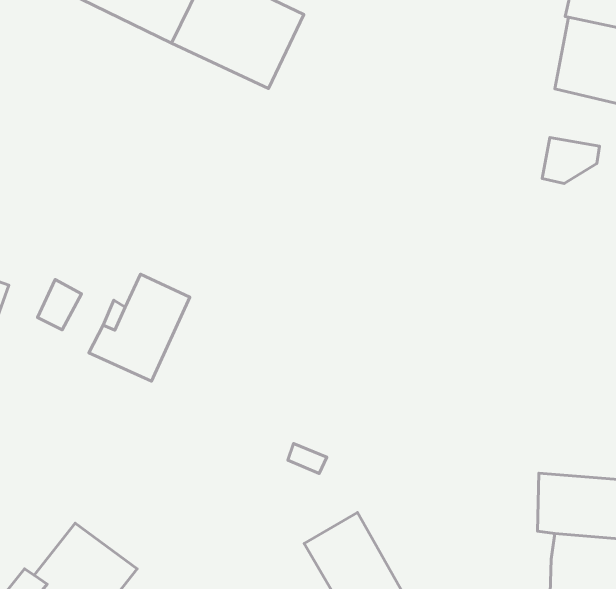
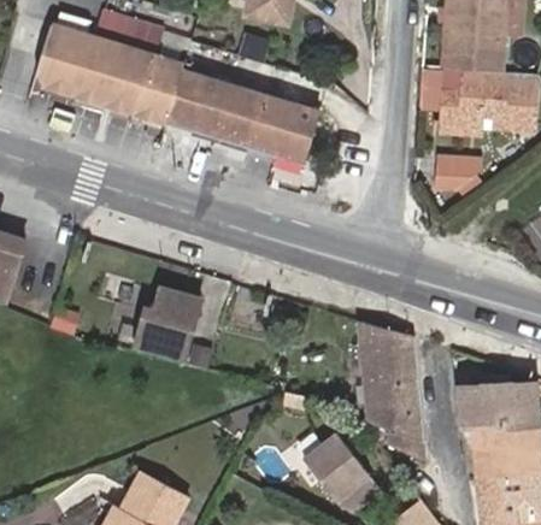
building: none -> [236,94,319,170]
building: none -> [364,319,422,453]

